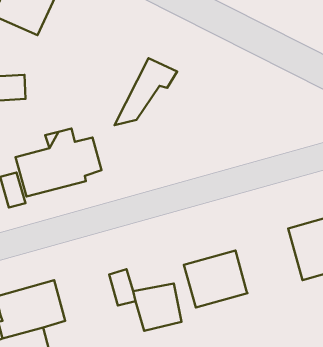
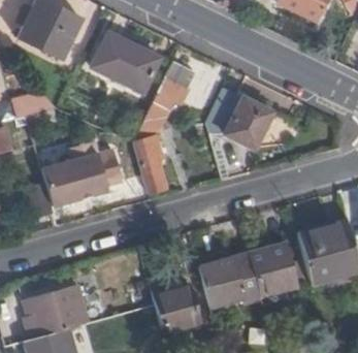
building: none -> [95,33,158,89]
building: none -> [206,87,273,149]
building: none -> [135,134,167,196]
building: none -> [249,246,298,295]

